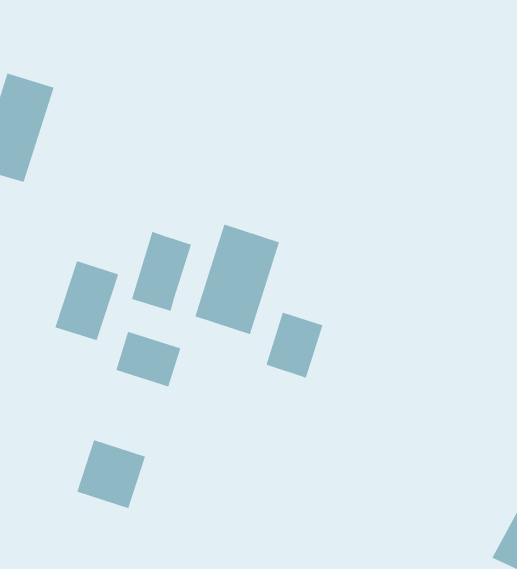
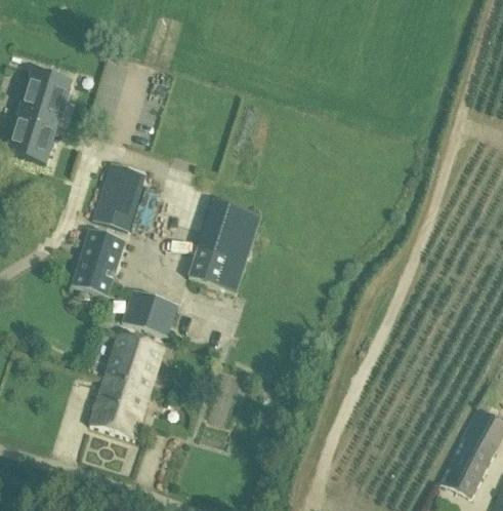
building: [131,231,192,311] -> [94,161,145,229]
building: [266,312,323,378] -> none
building: none -> [104,332,164,394]

